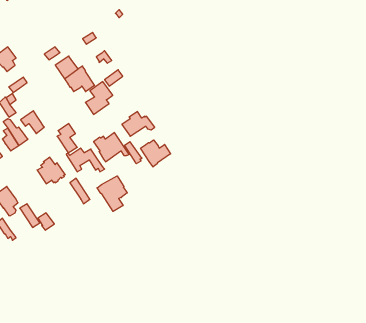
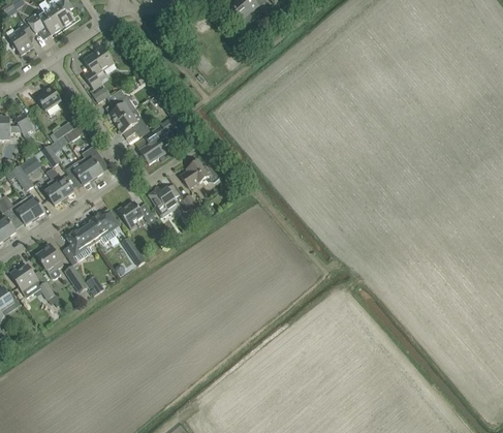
building: none -> [83,47,113,88]
building: [57,124,77,153] -> [80,145,102,178]
building: [141,140,171,167] -> none
building: none -> [64,226,94,258]
building: [97,176,127,211] -> none

